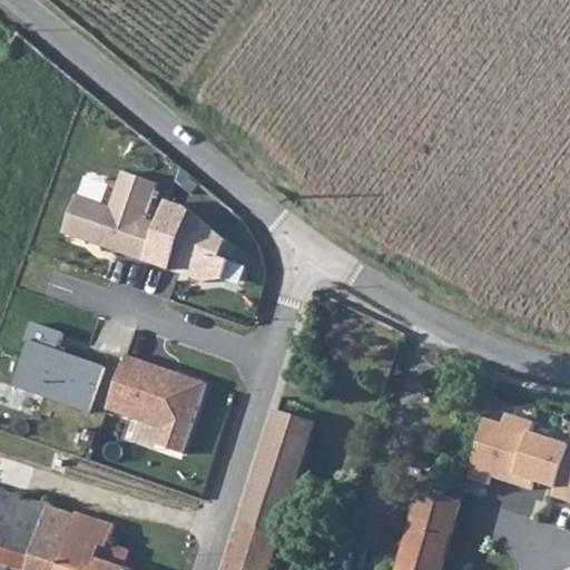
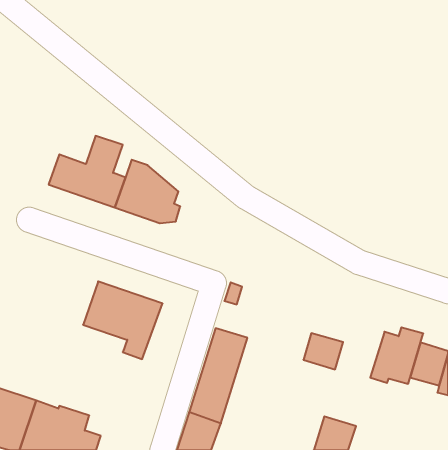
building: [12,323,102,412] -> none
building: [409,492,459,538] -> [303,333,343,369]

